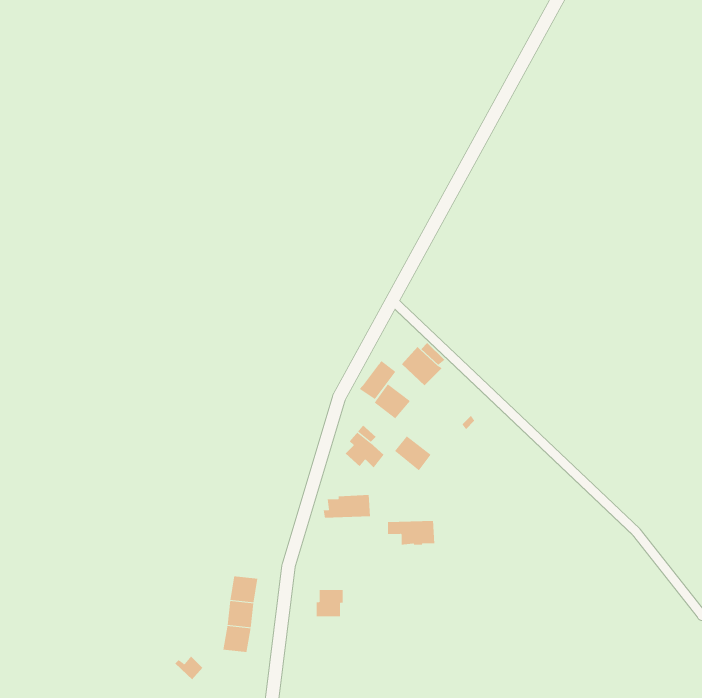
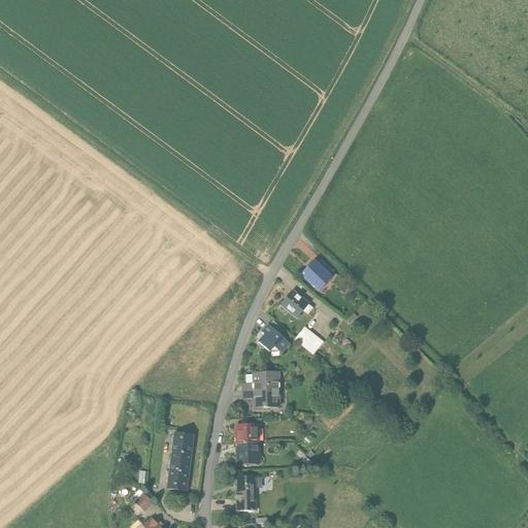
building: [359,360,396,400] -> none
building: [387,521,435,545] -> [243,388,279,406]
building: none -> [236,424,258,442]
building: none -> [234,475,256,510]

